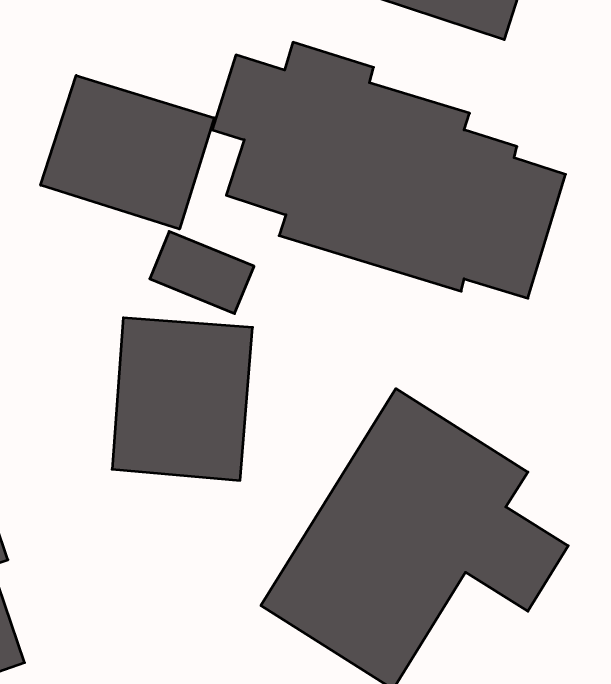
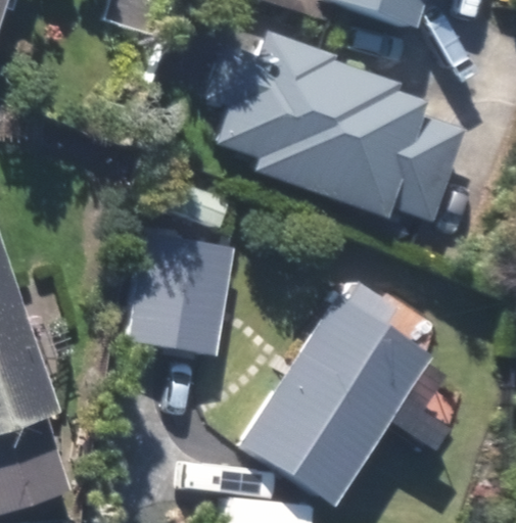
building: [41,75,214,229] -> none

